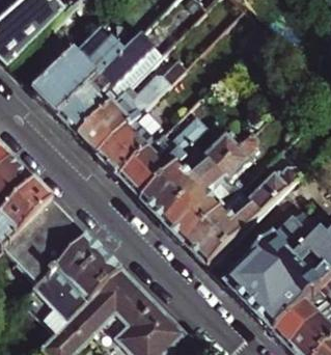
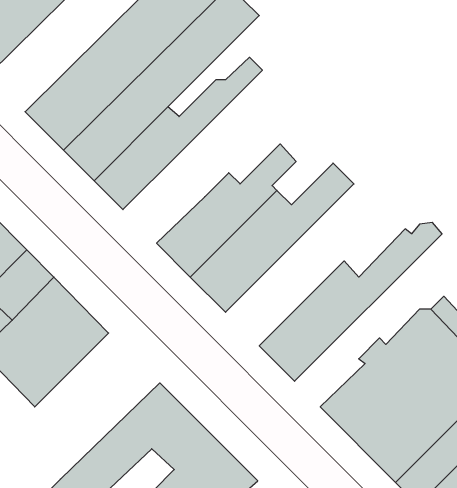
building: [98,118,150,178] -> none
building: [164,132,260,244] -> none
building: [25,236,121,330] -> none

